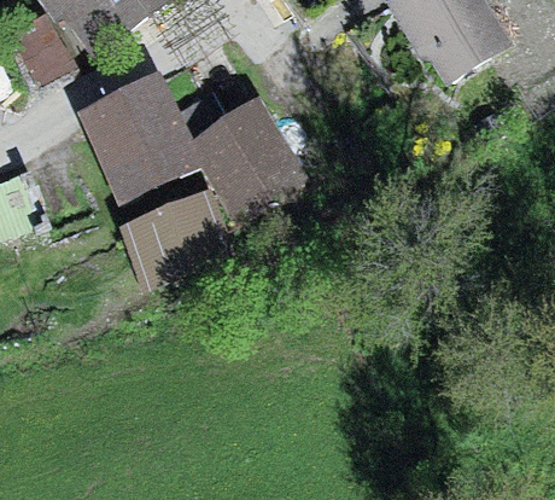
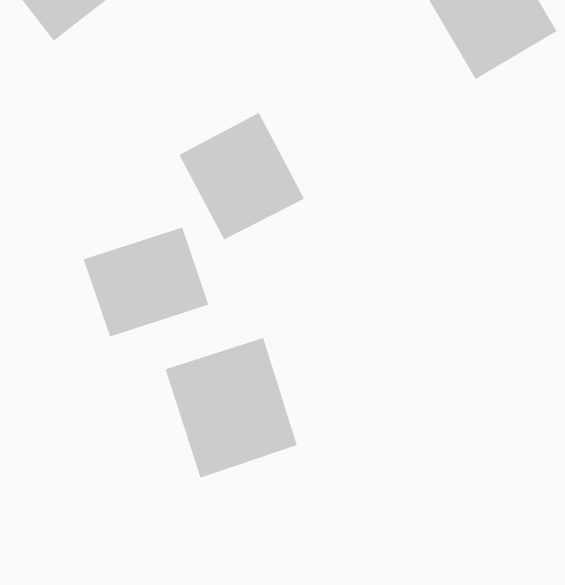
building: [84,87,199,208] -> none
building: none -> [165,337,298,479]

